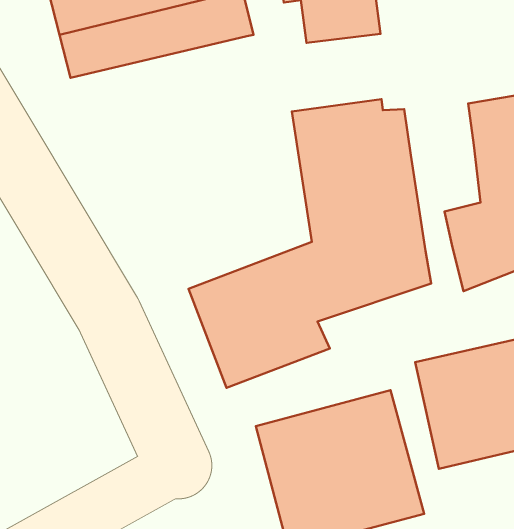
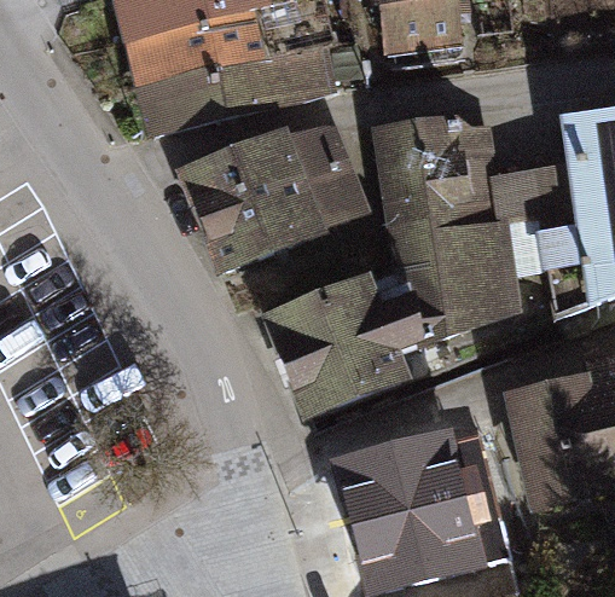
building: none -> [135,41,337,135]
building: none -> [178,115,377,274]
building: none -> [501,158,576,272]

